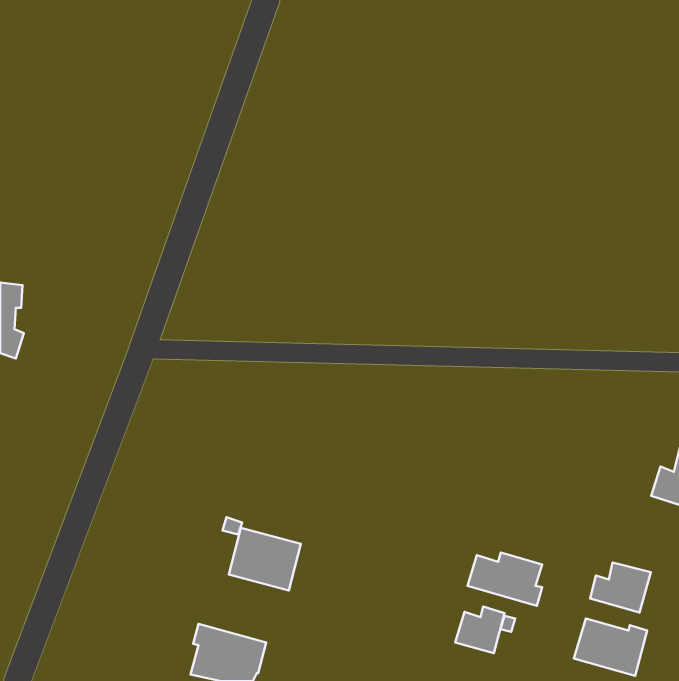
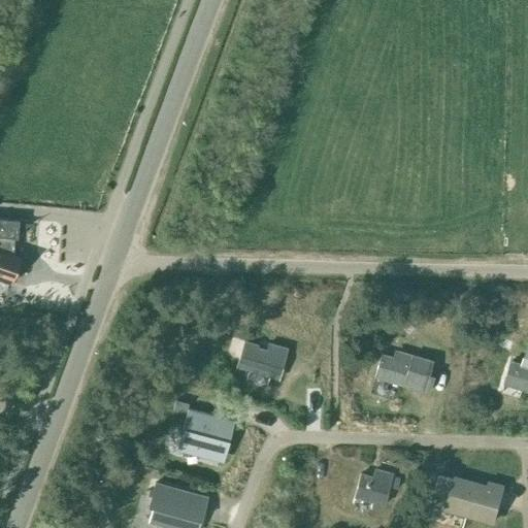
building: none -> [237,341,287,380]
building: [467,552,542,606] -> [374,352,432,393]
building: [590,562,651,613] -> none

